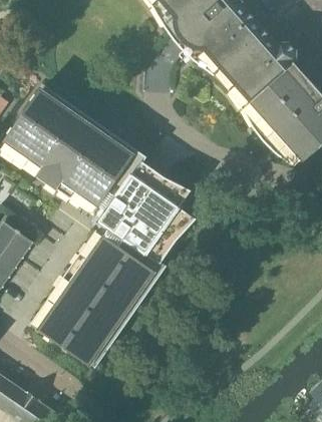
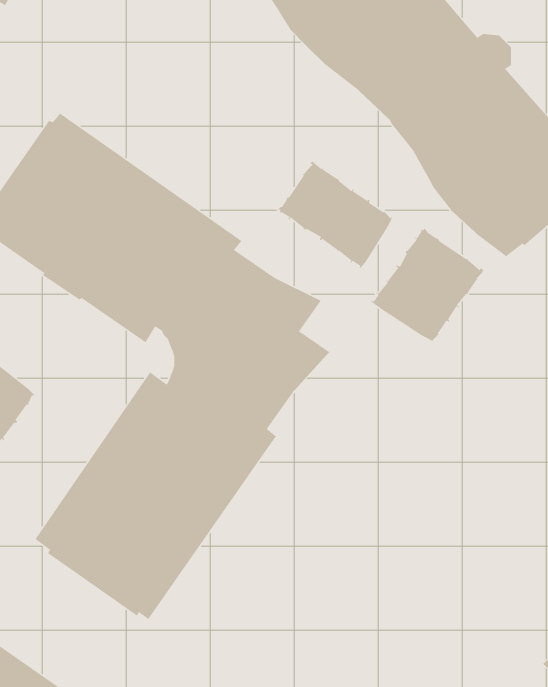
building: none -> [277,161,394,269]
building: none -> [370,227,485,343]

